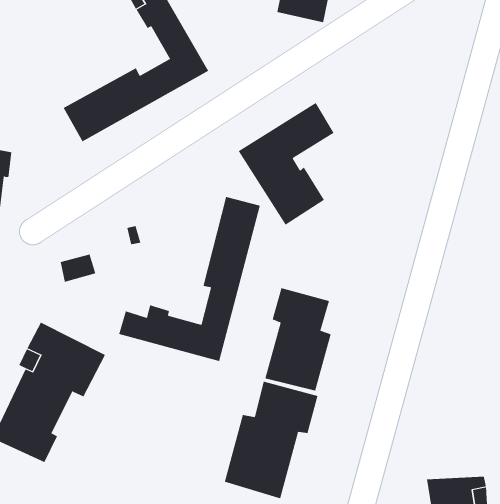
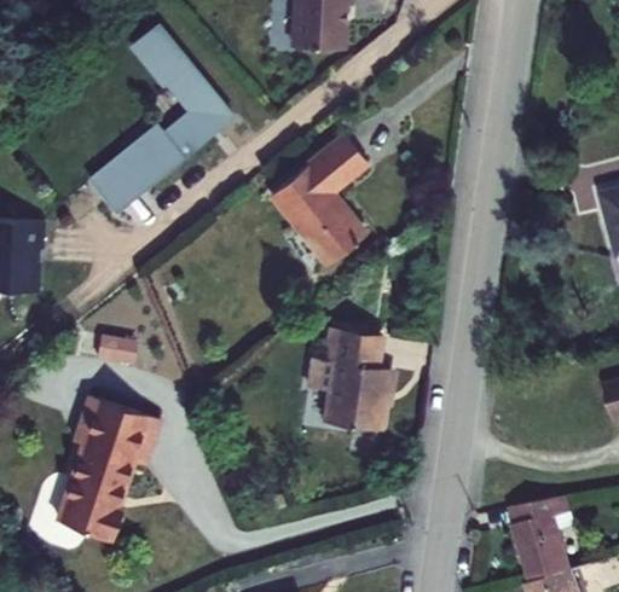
building: [118,196,261,362] -> none
building: [224,381,318,499] -> none

